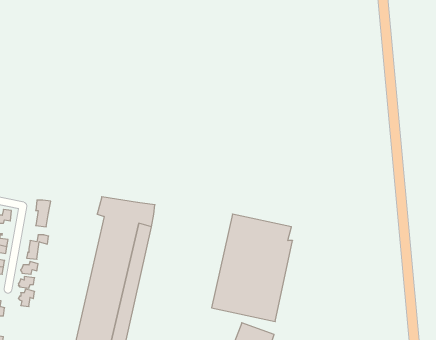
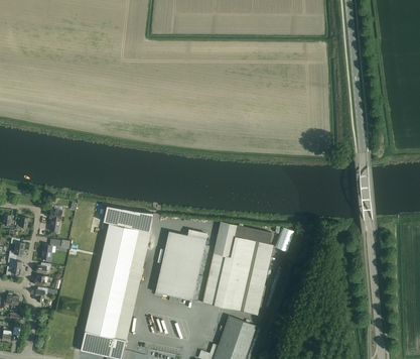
building: none -> [155,231,206,303]

